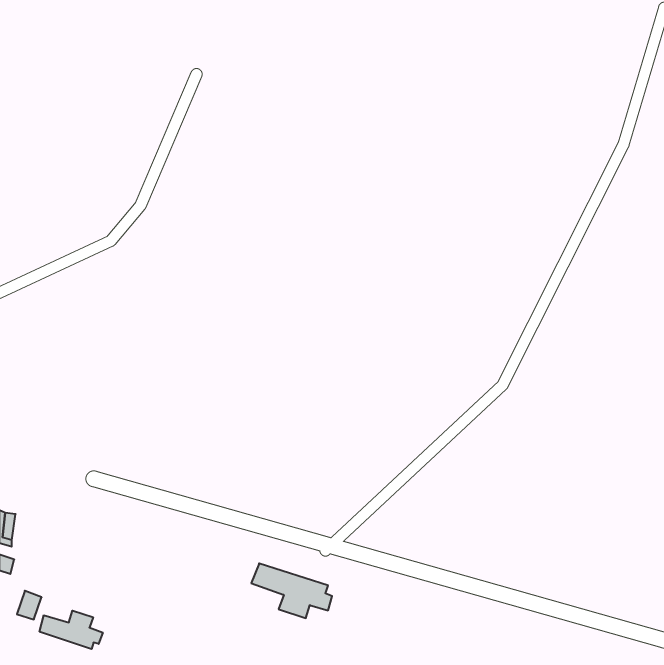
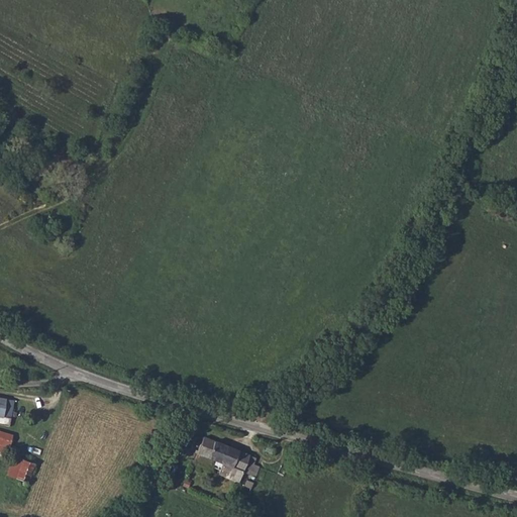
building: [40,611,103,649] -> none

